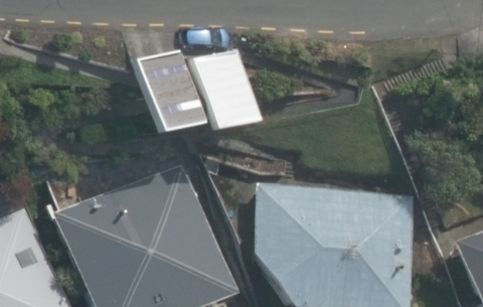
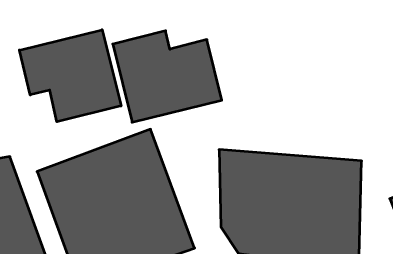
building: none -> [19,30,121,122]

